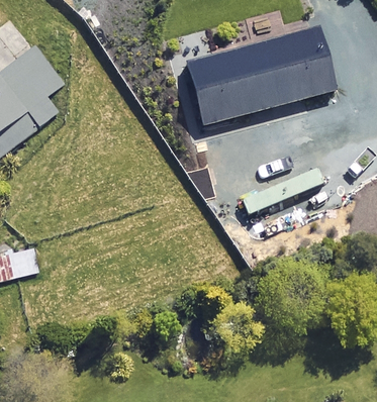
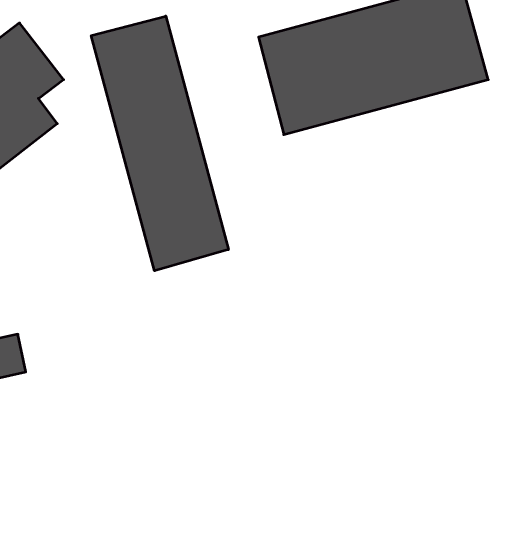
building: none -> [91,16,228,271]

